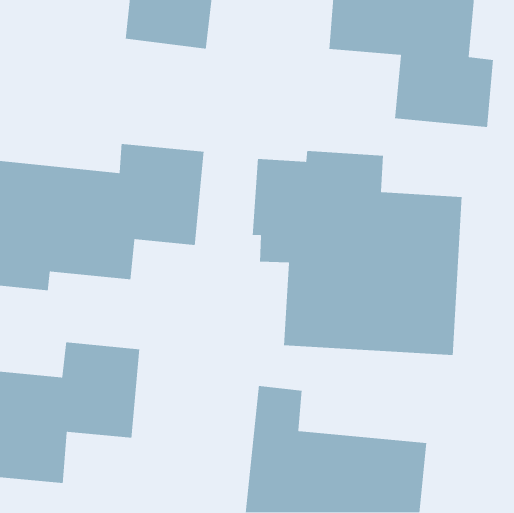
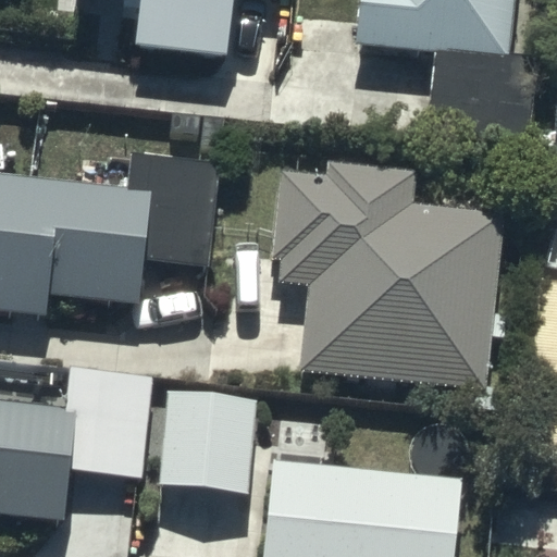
building: none -> [158,388,257,494]

